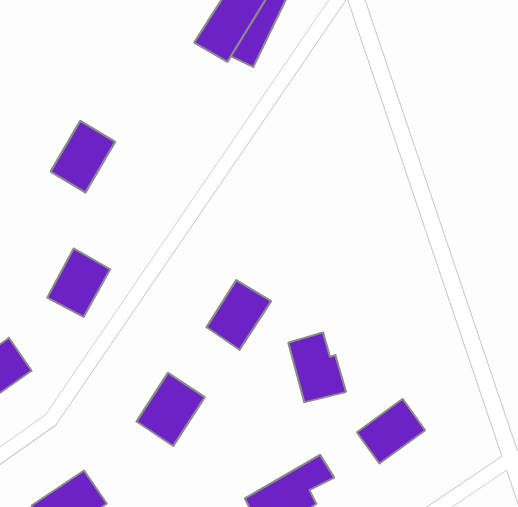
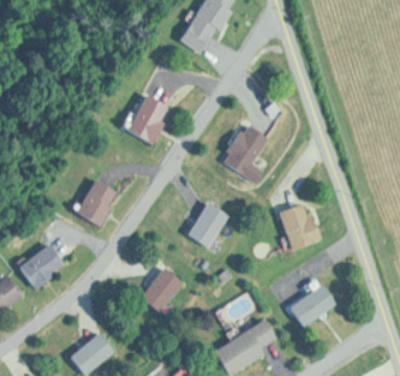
building: [51,121,115,193] -> [123,94,167,143]
building: none -> [223,123,274,184]
building: [288,332,346,402] -> [279,201,318,249]

